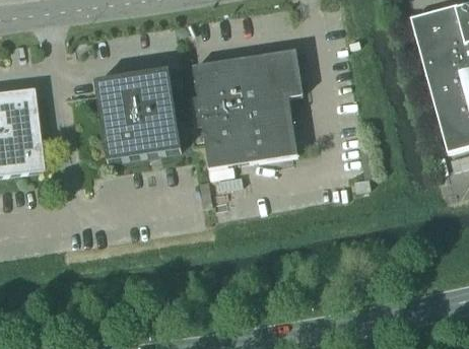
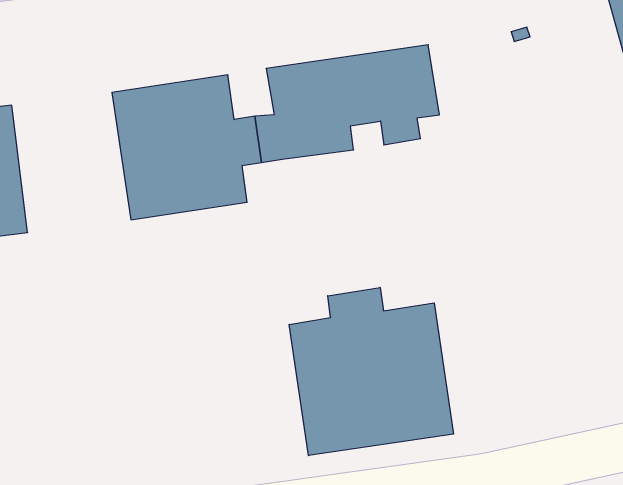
building: [203,98,298,167] -> none
building: none -> [289,287,453,456]

